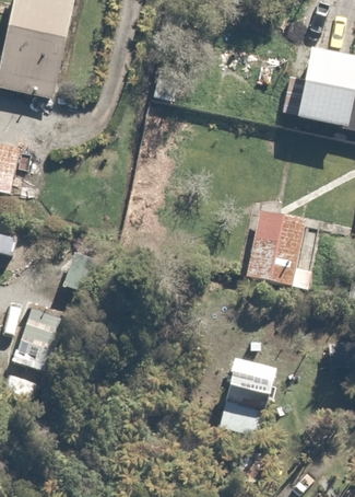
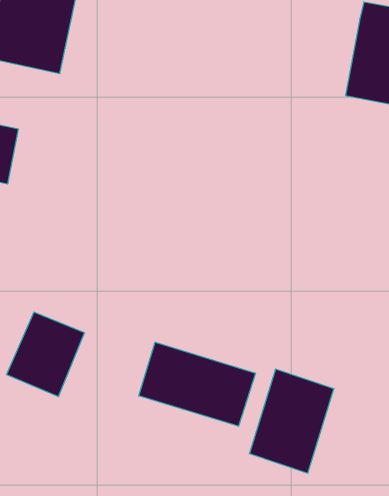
building: [246,211,315,286] -> none
building: none -> [139,342,256,426]

